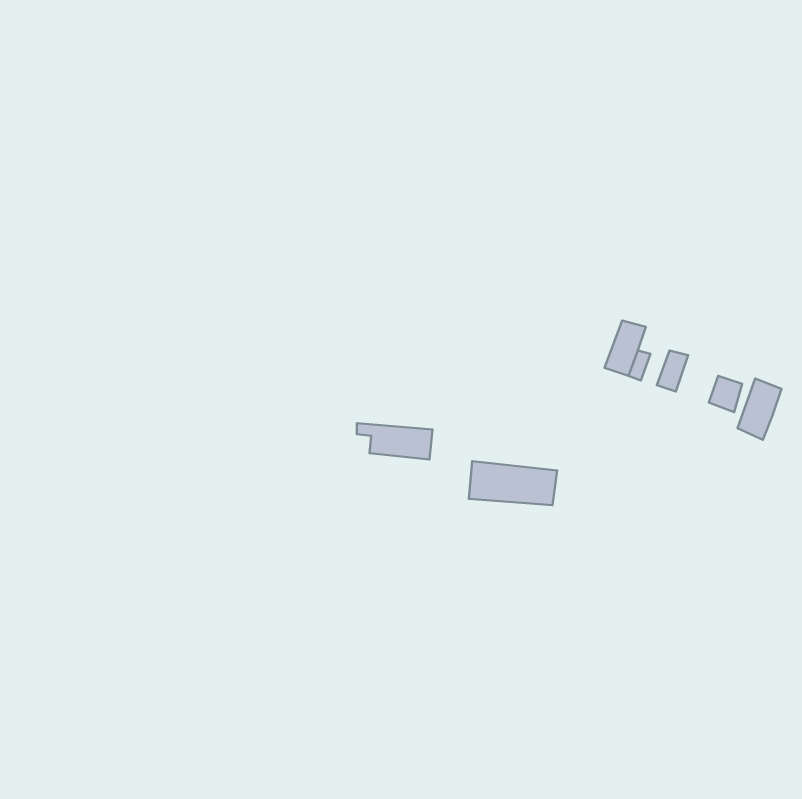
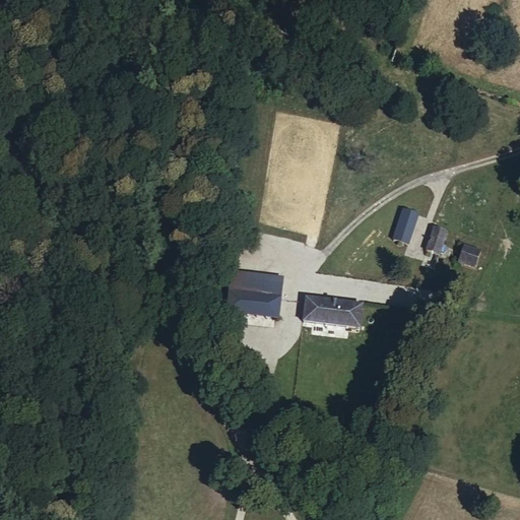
building: [738,378,782,440] -> none
building: none -> [229,279,279,318]

